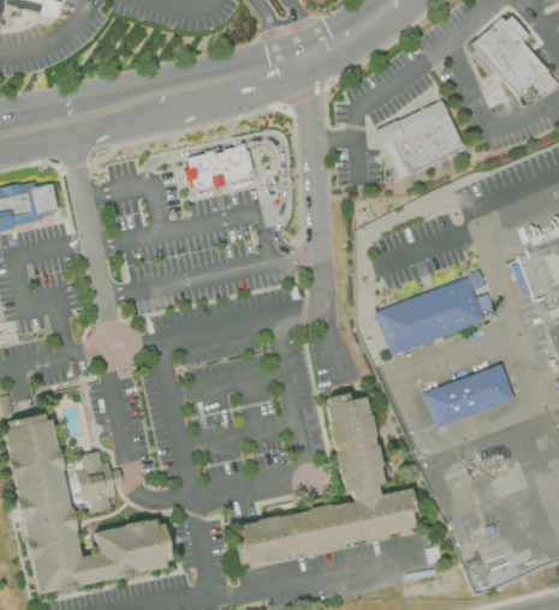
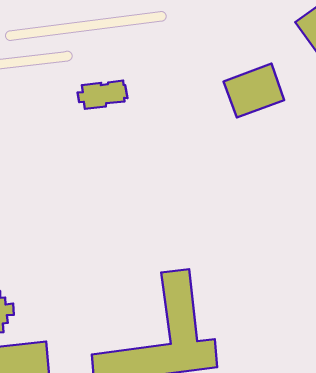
building: [377,276,487,355] -> none
building: [426,365,517,429] -> none

